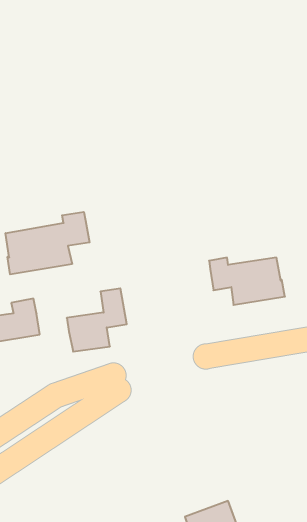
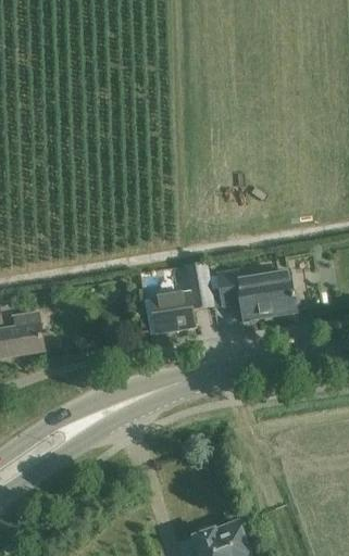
building: [6,212,90,274] -> none
building: [67,288,127,352] -> [148,267,210,332]

